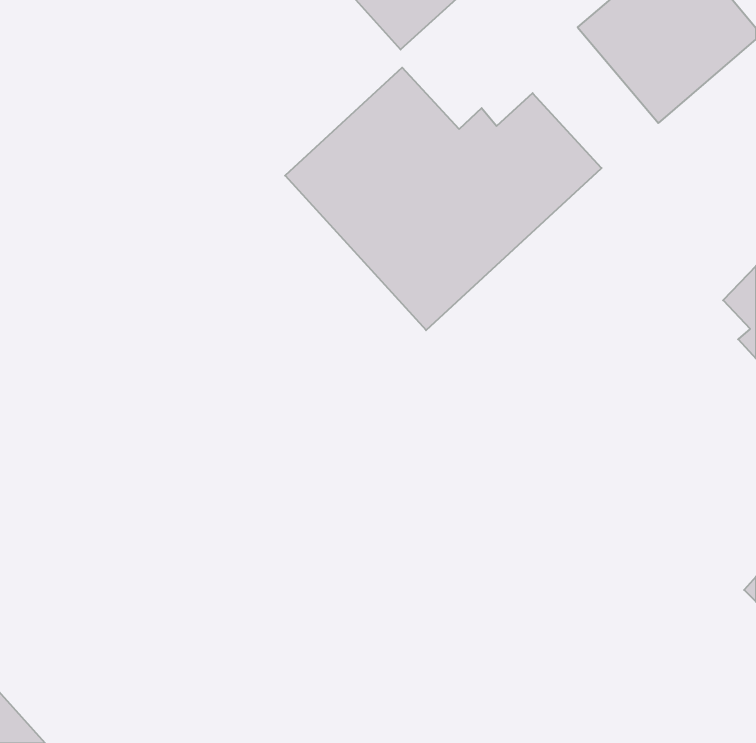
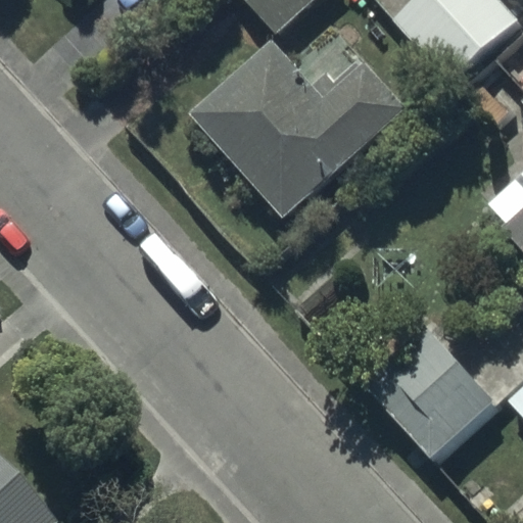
building: none -> [363,329,493,461]

